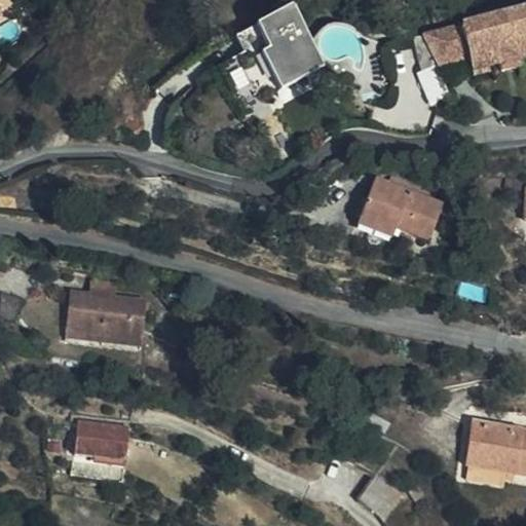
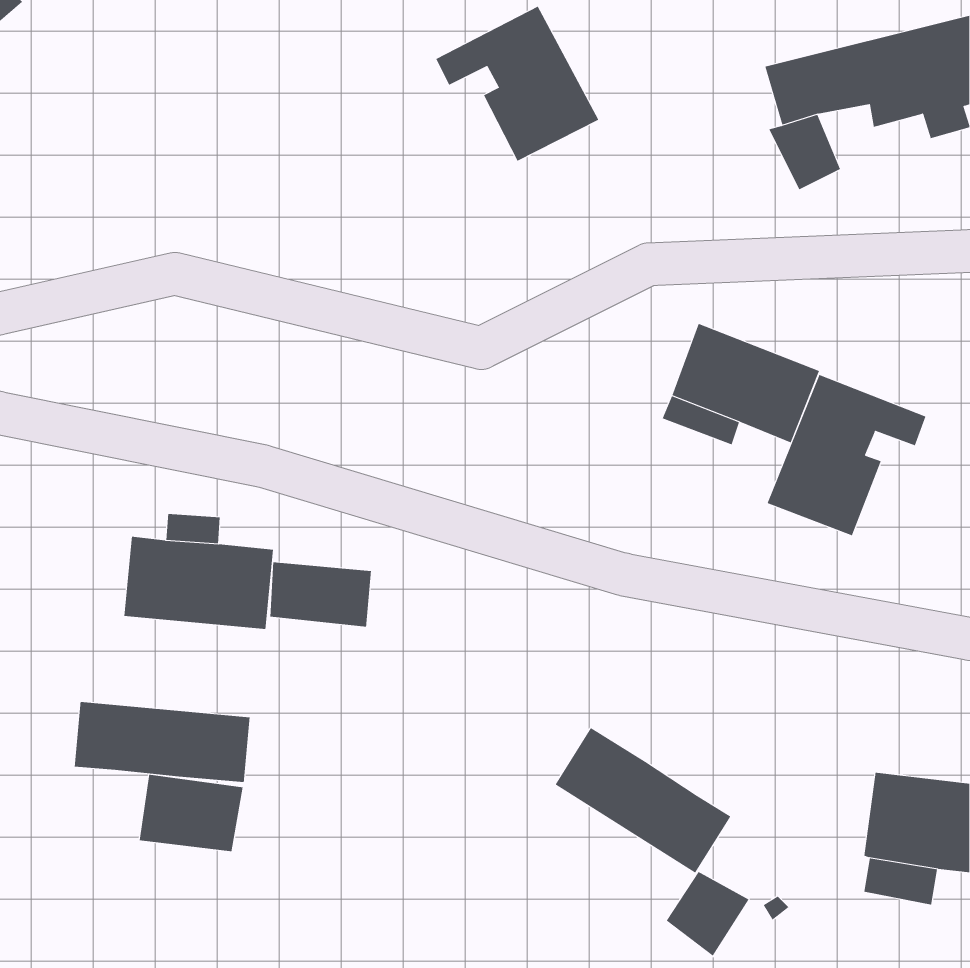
building: none -> [767,374,926,536]
building: none -> [270,561,372,627]
building: none -> [74,701,250,783]
building: none -> [555,727,731,873]

